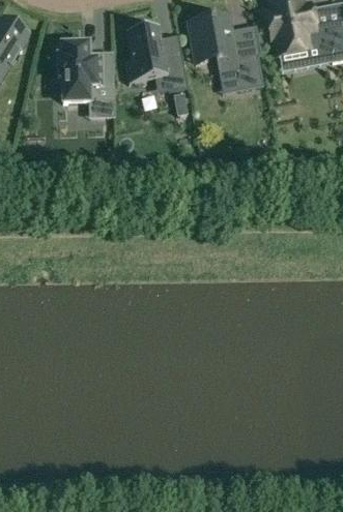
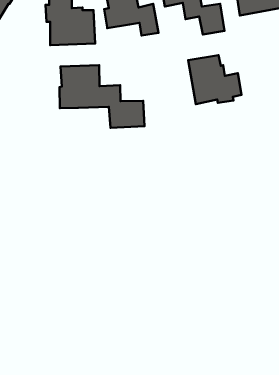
building: none -> [188,55,242,104]
building: none -> [60,65,145,128]

